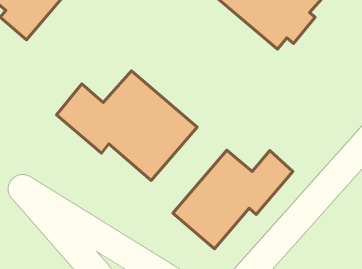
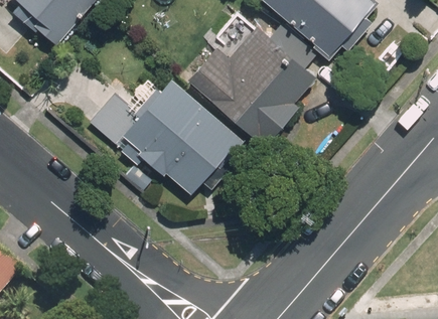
building: none -> [185,26,314,143]
building: [173,150,293,249] -> none

